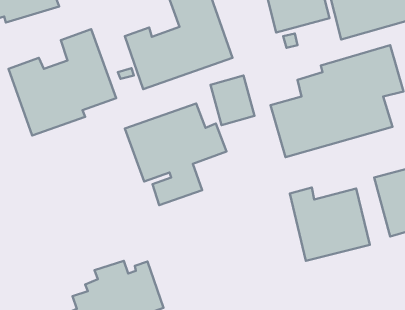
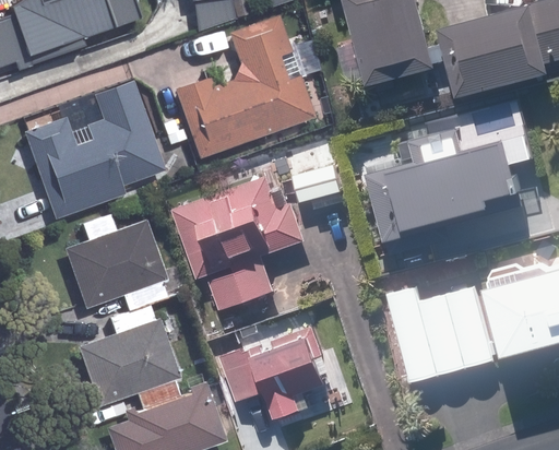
building: none -> [67,224,164,307]
building: none -> [79,321,177,405]
building: none -> [219,325,324,413]

